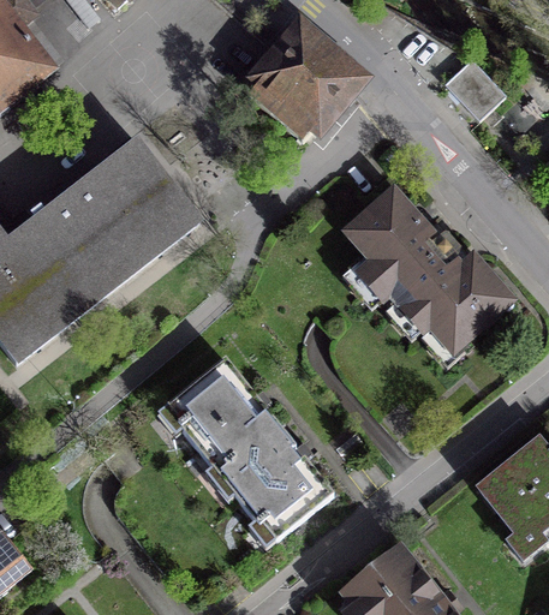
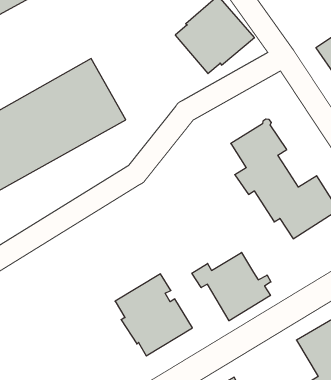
building: [169,358,279,473] -> none
building: none -> [192,252,271,321]

